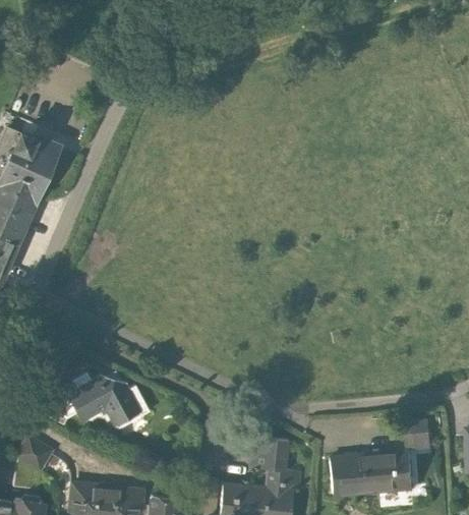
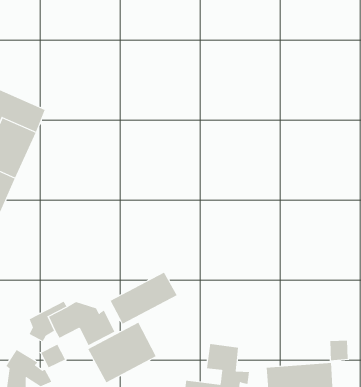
building: none -> [110,272,177,325]
building: none -> [87,322,157,383]
building: none -> [40,344,66,368]

